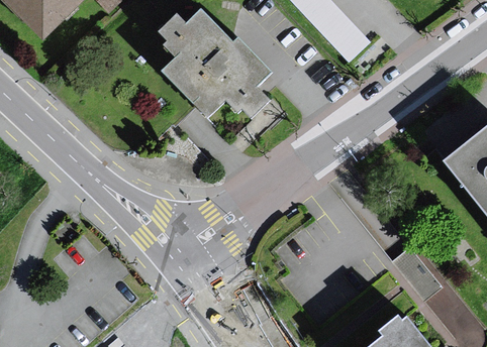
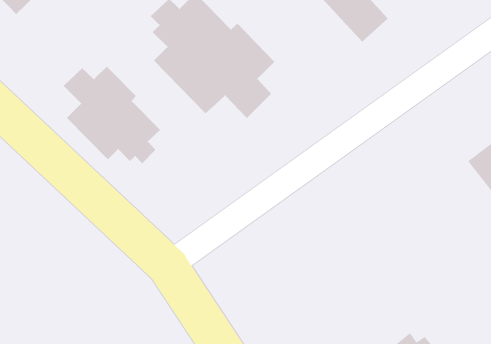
building: none -> [63,66,161,164]

